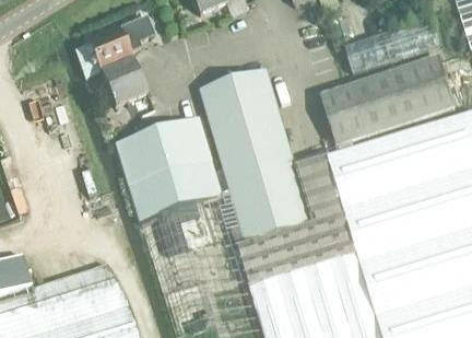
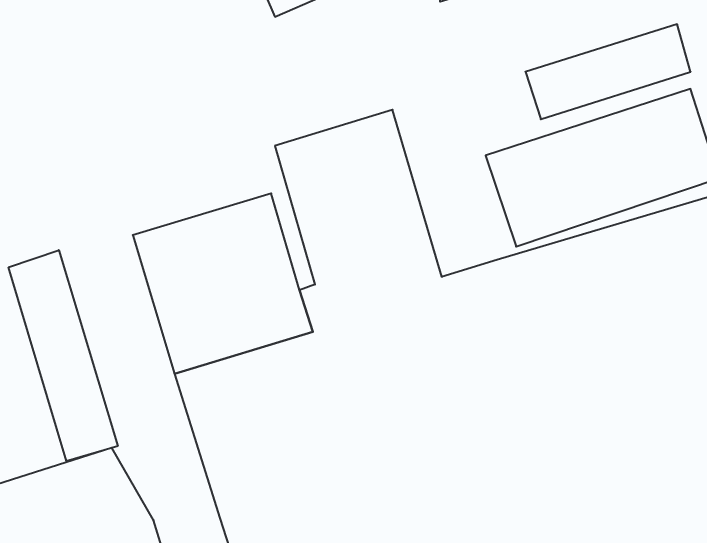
building: [75,15,154,106] -> none
building: none -> [9,250,118,461]

